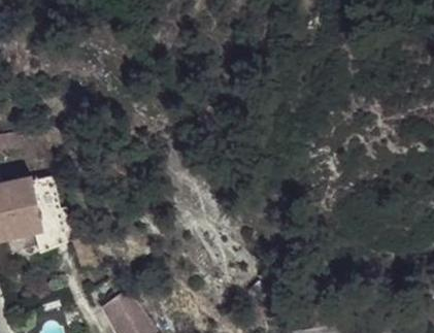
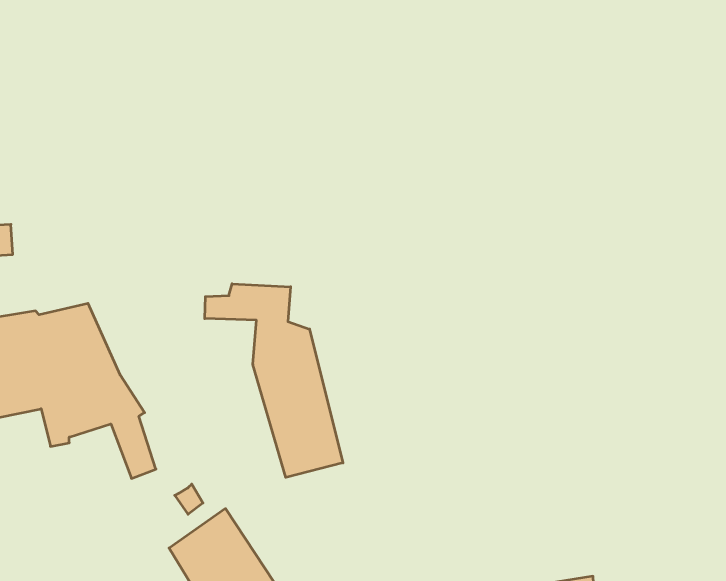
building: none -> [205,284,343,477]

